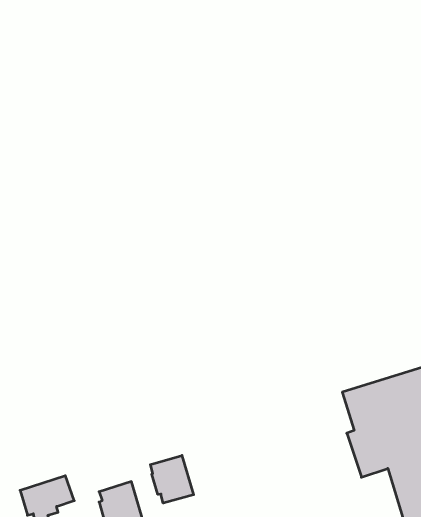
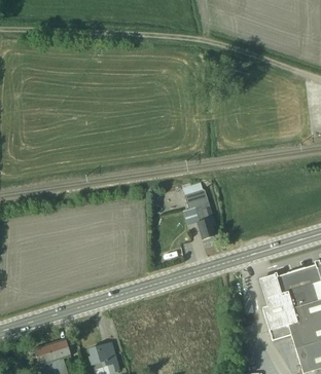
building: none -> [181,181,215,238]
building: [150,455,194,503] -> none

